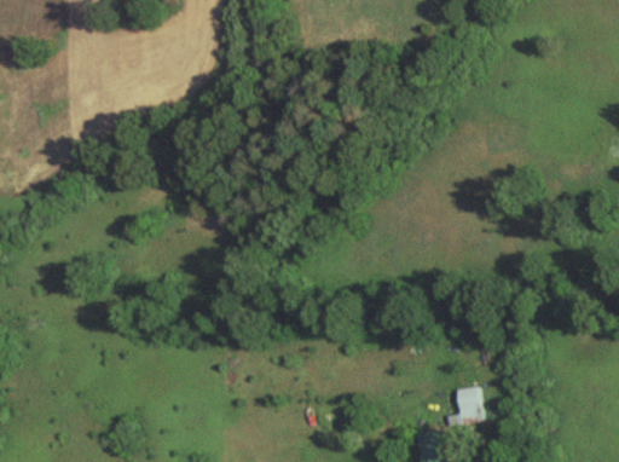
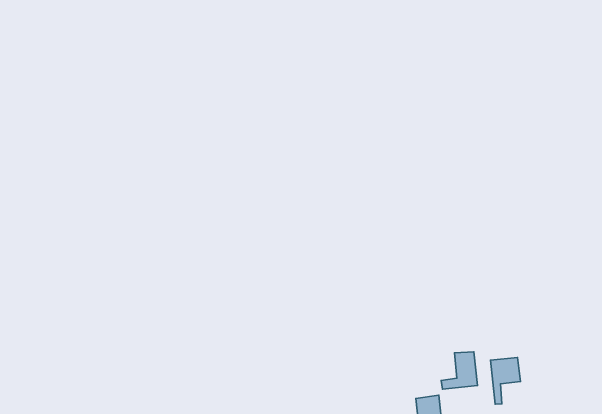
building: none -> [491,357,521,404]

